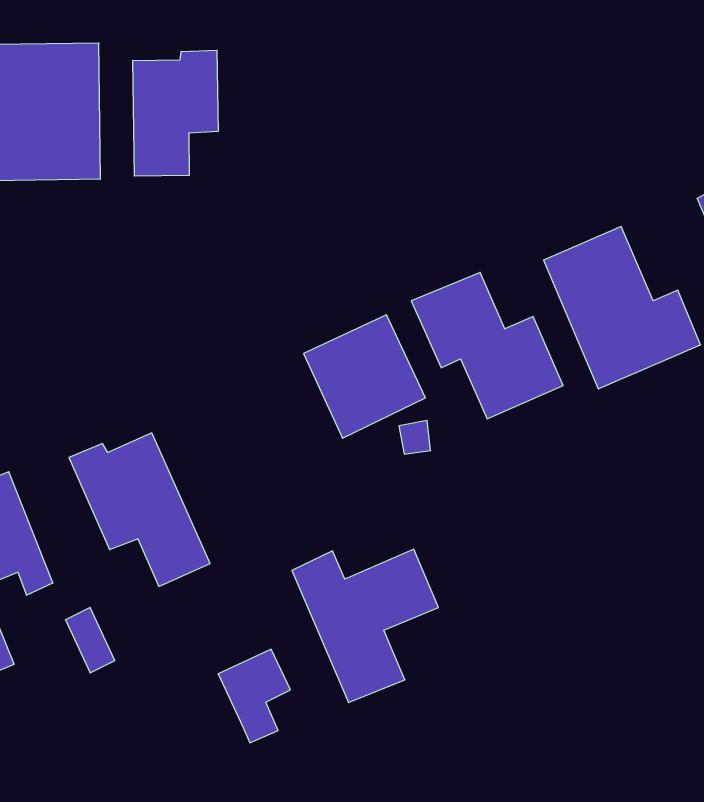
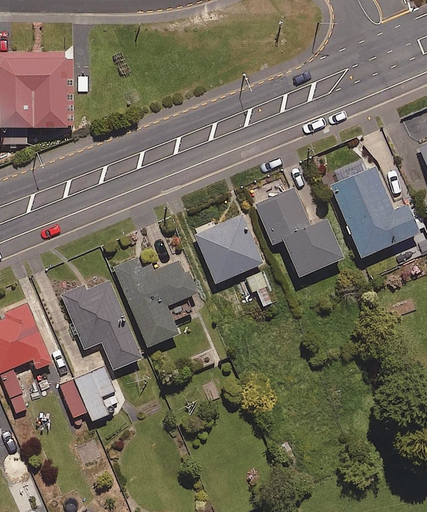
building: [133,50,218,176] -> none
building: [292,549,438,703] -> [114,257,197,344]
building: [218,649,290,743] -> [73,366,114,419]

